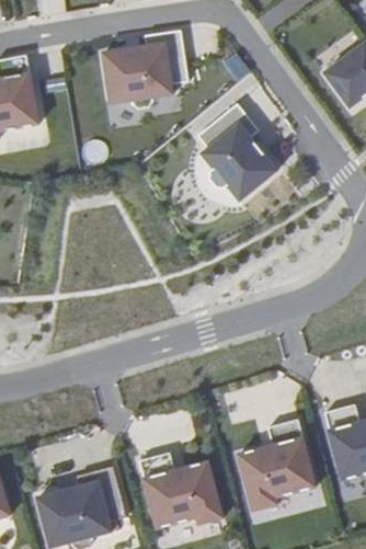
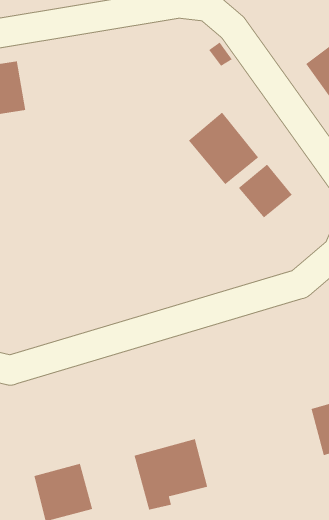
building: [105,43,173,104] -> none
building: none -> [238,164,293,219]
building: [237,436,316,502] -> none

